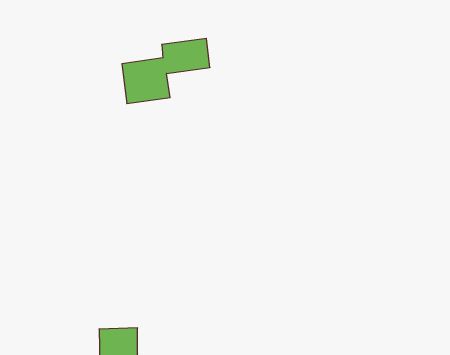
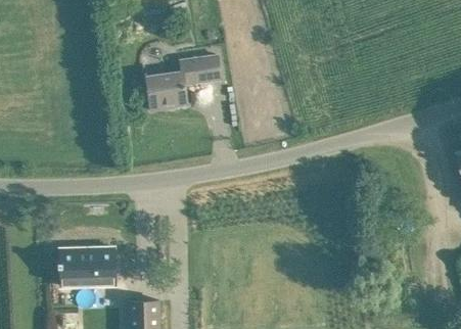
building: none -> [61,248,116,286]

